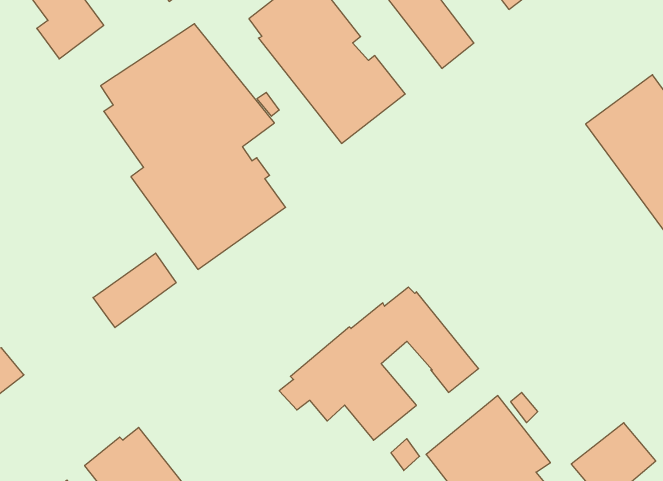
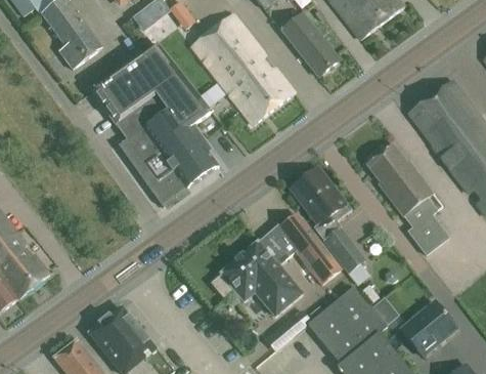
building: none -> [366,143,448,254]
building: none -> [291,168,363,272]
building: [93,253,176,328] -> none

